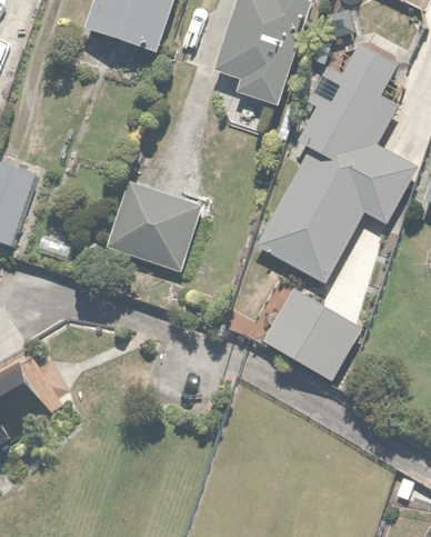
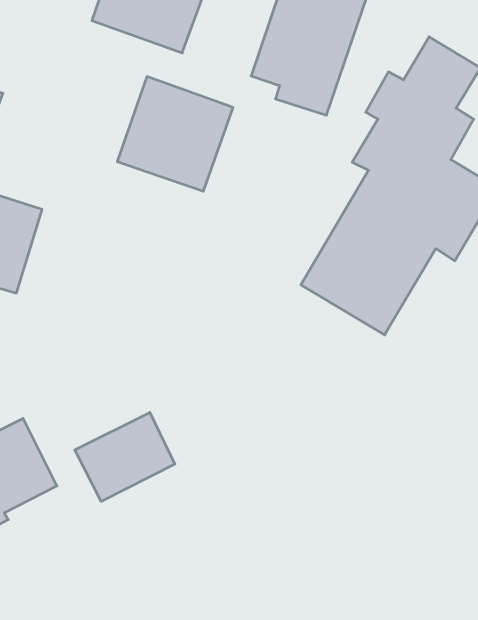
building: [106,177,201,271] -> [117,77,233,191]
building: [262,285,364,381] -> none
building: none -> [75,412,175,501]

